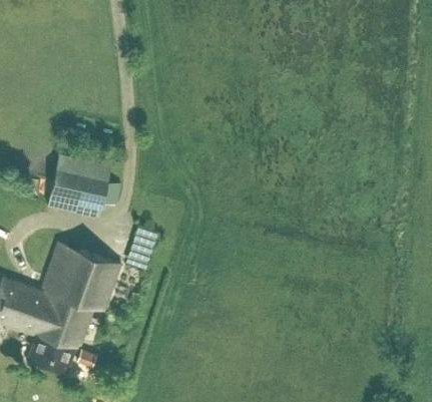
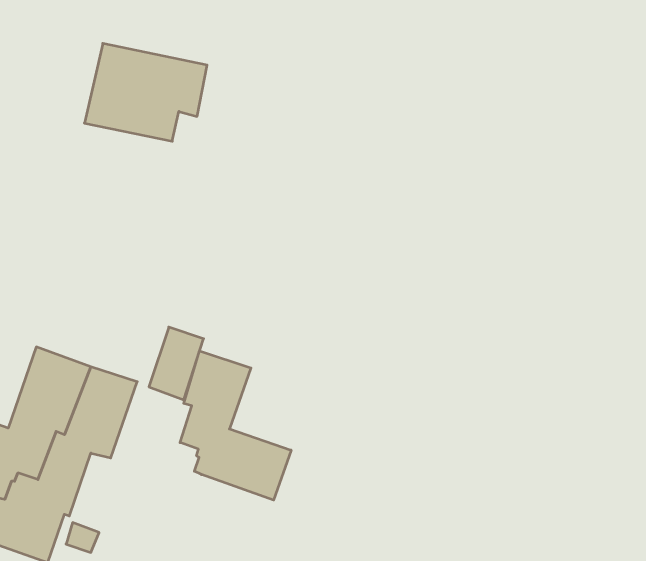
building: [49,157,123,217] -> [84,43,207,141]
building: none -> [180,351,291,500]

